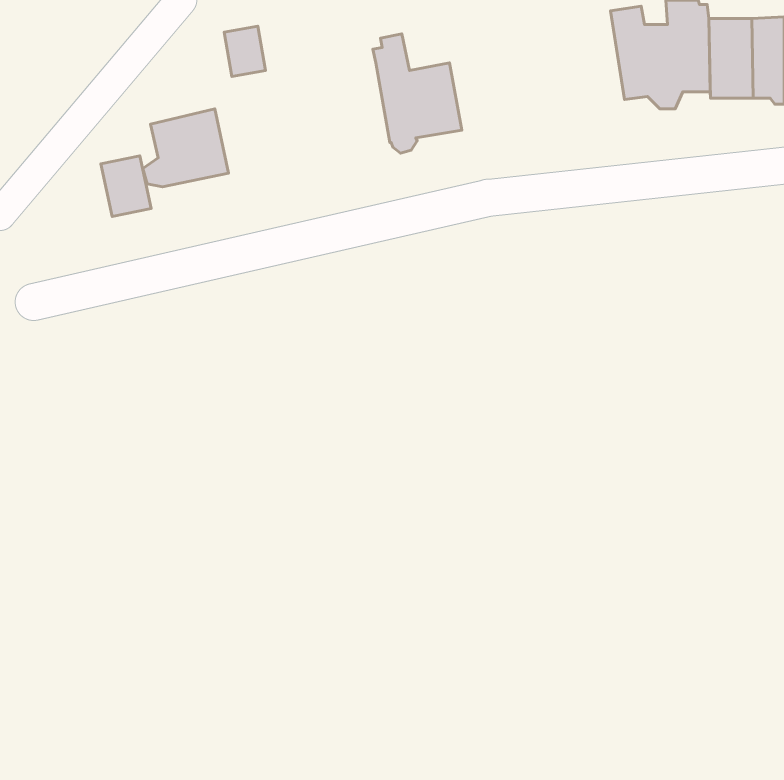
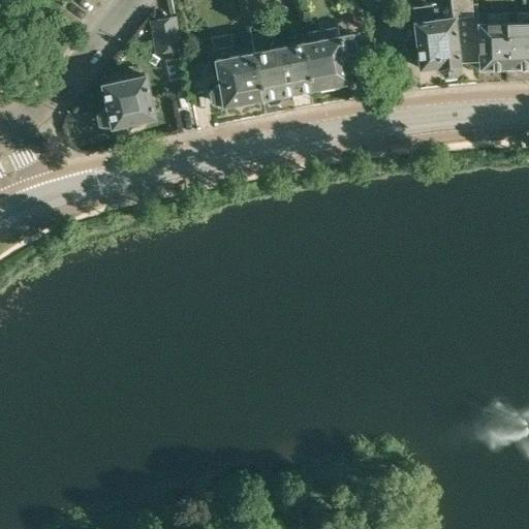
building: none -> [302,28,359,90]
building: none -> [210,44,262,106]
building: [101,156,151,216] -> none

